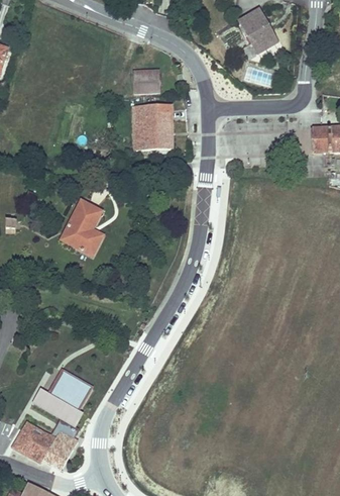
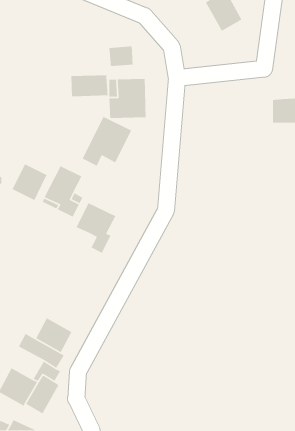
building: none -> [71,74,108,97]
building: none -> [82,116,132,167]
building: none -> [11,163,48,201]
building: none -> [76,202,116,254]

